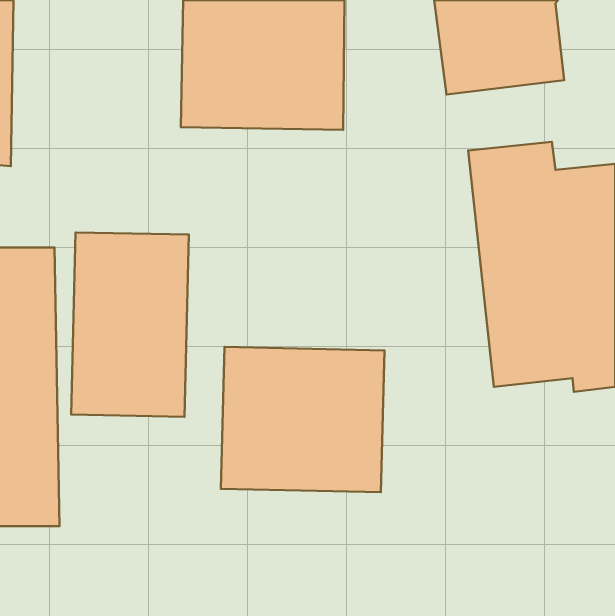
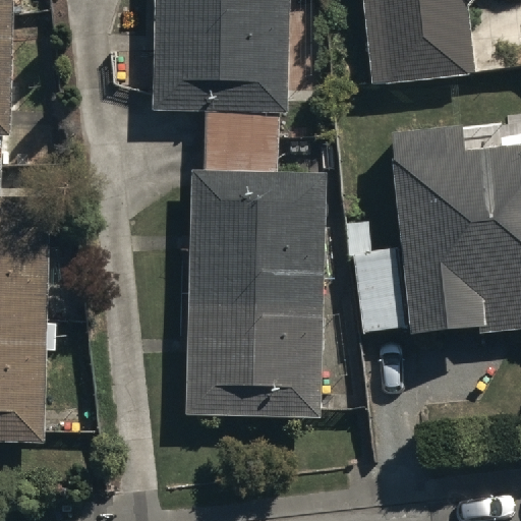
building: none -> [188,168,327,297]
building: [71,232,189,417] -> none

